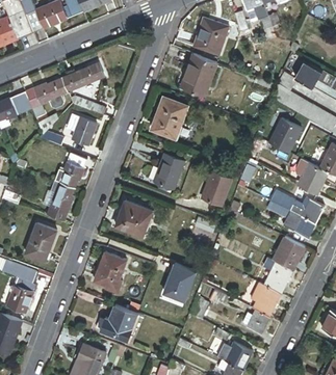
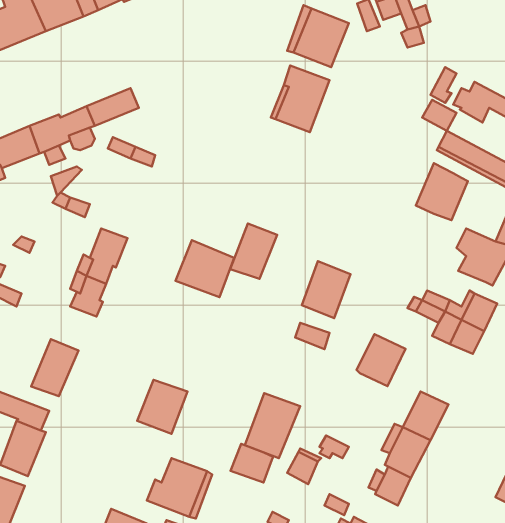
building: [152,99,187,139] -> none
building: [66,117,96,151] -> none
building: [115,202,153,238] -> [176,240,234,297]
building: [272,237,303,270] -> [357,334,406,386]
building: none -> [230,444,273,482]

